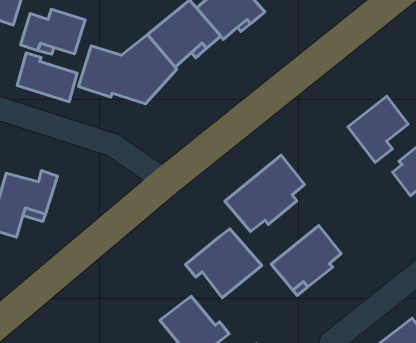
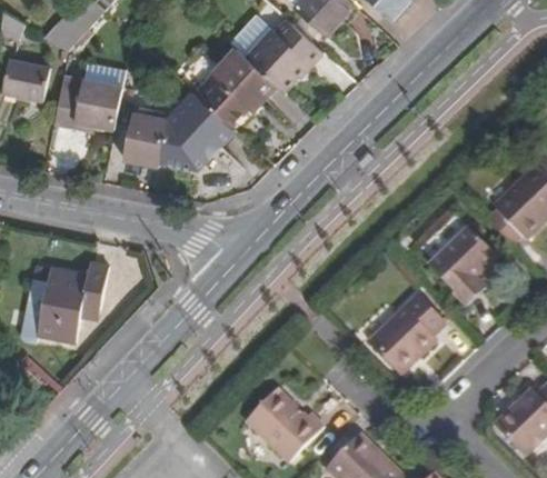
building: [17,53,77,102] -> none
building: [348,96,408,162] -> [429,225,497,301]
building: [225,155,305,231] -> none
building: [186,229,262,298] -> none

